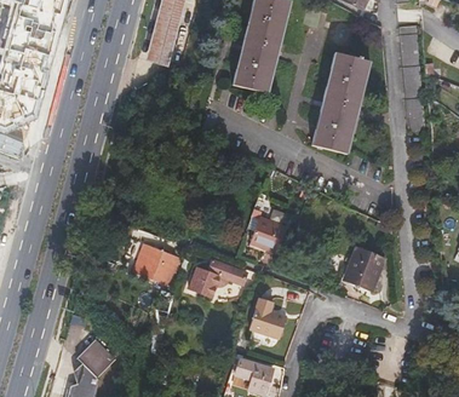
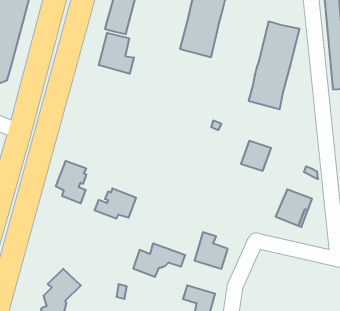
building: none -> [99,33,134,74]
building: none -> [56,161,86,203]
building: [249,217,285,252] -> [241,141,271,171]
building: [188,258,248,297] -> [133,244,185,277]

